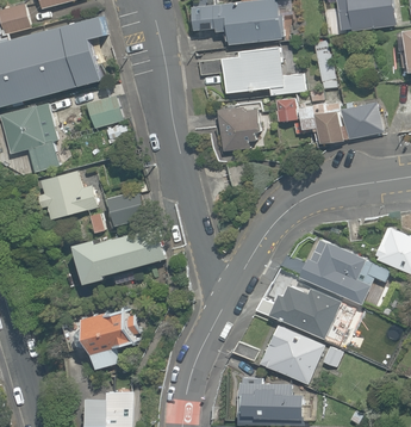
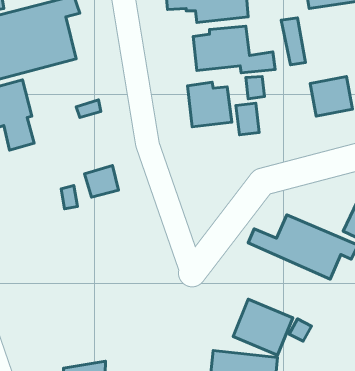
building: [88,95,124,128] -> none
building: [316,111,340,143] -> [236,103,259,135]
building: [38,172,95,219] -> none
building: [75,225,166,281] -> none
building: [270,281,338,338] -> none
building: [63,307,138,367] -> none

